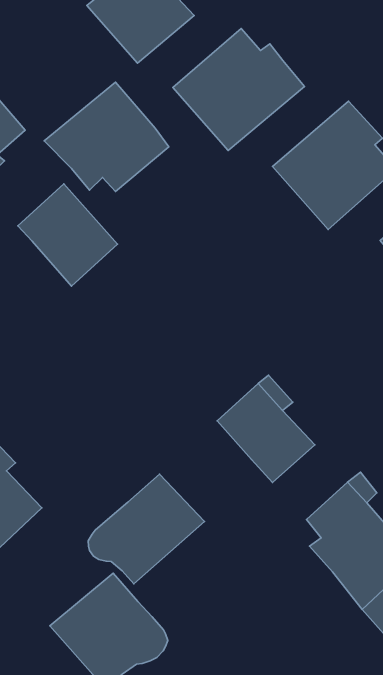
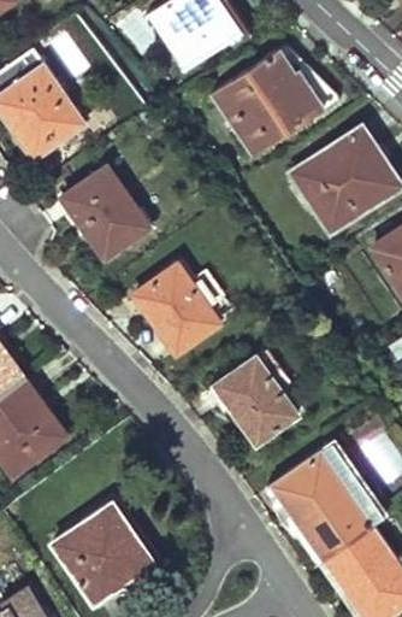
building: [44,82,169,191] -> none
building: none -> [136,264,221,353]
building: [88,474,205,584] -> none

